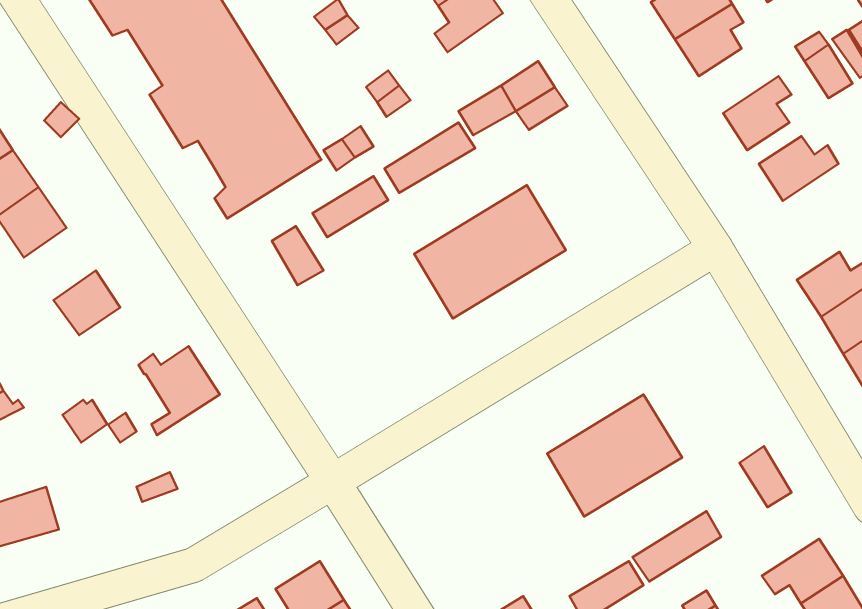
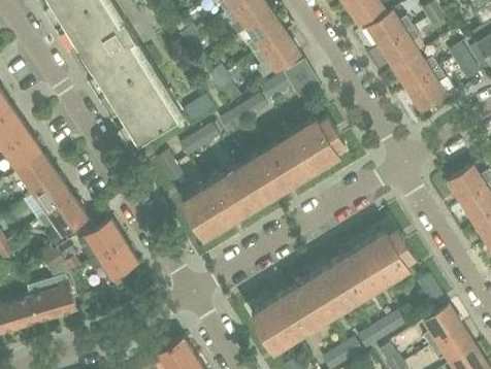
building: none -> [254,34,299,70]
building: [759,136,838,201] -> [394,54,438,90]
building: none -> [298,118,345,166]
building: none -> [18,154,58,194]
building: none -> [182,168,257,237]
building: none -> [48,198,90,235]
building: none -> [363,230,414,281]
building: none -> [92,246,137,290]
building: none -> [252,279,330,349]
building: none -> [30,280,77,322]
building: none -> [423,306,461,347]

